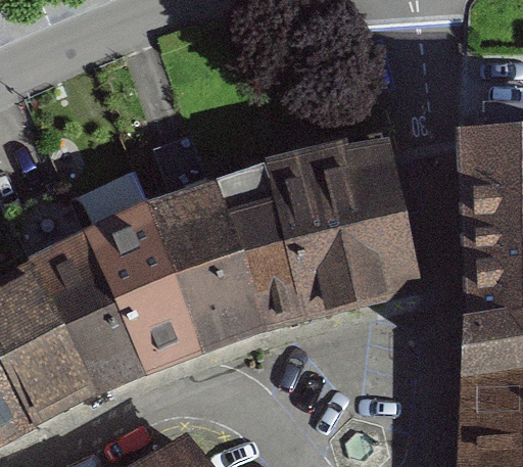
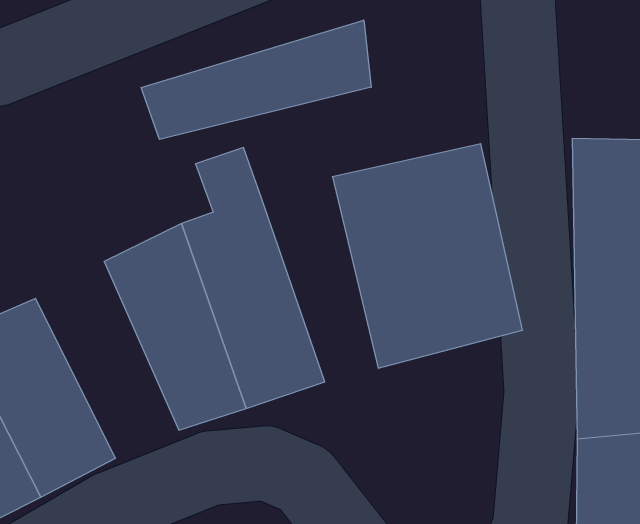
building: none -> [141,20,371,139]
building: [212,166,306,331] -> none
building: [9,188,146,392] -> none

